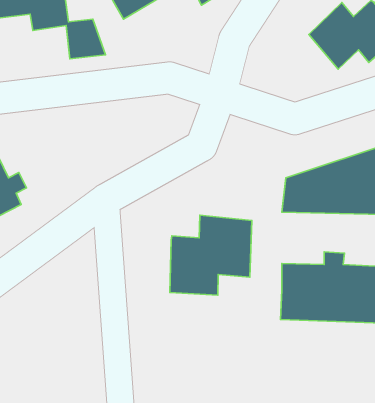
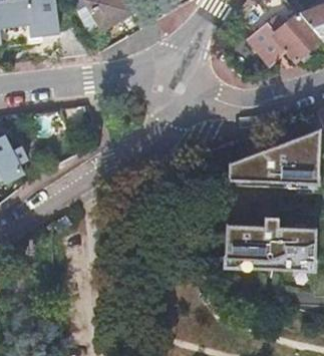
building: [170,215,252,295] -> none

